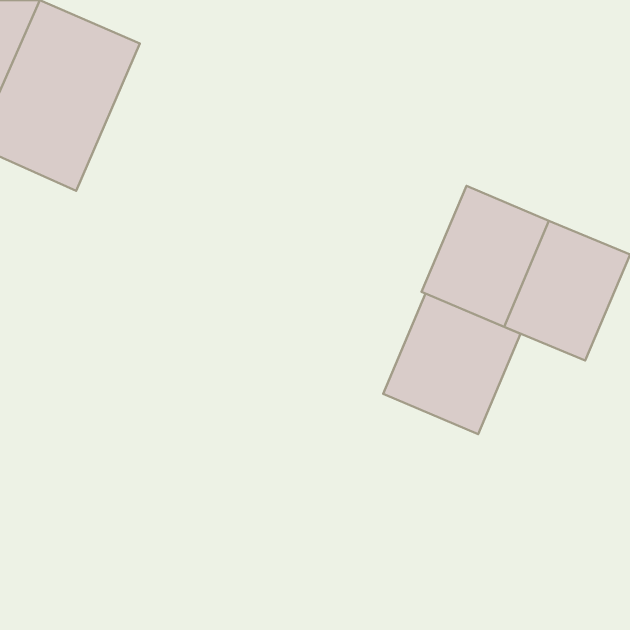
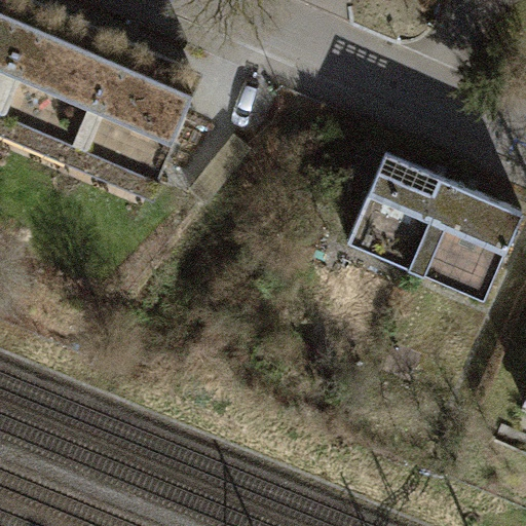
building: none -> [63,42,197,200]
building: [383,294,521,434] -> none

